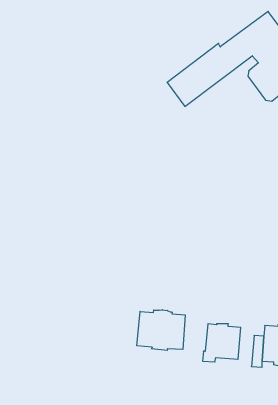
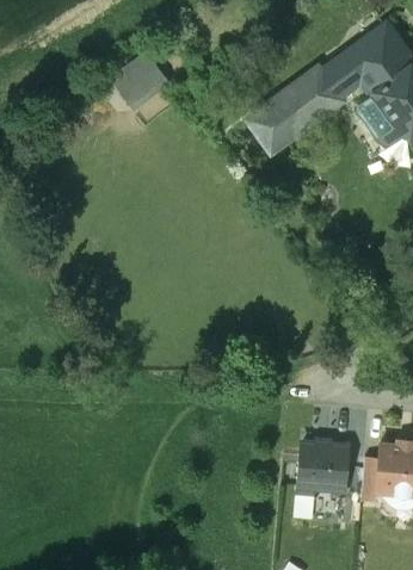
building: none -> [116,60,168,109]
building: [137,310,185,350] -> none

